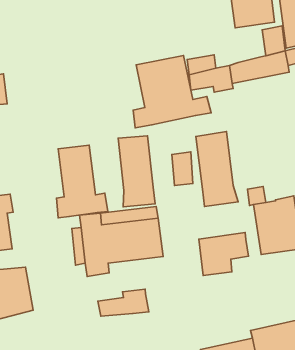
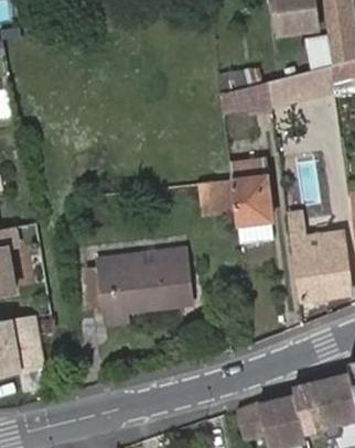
building: [133,55,211,128] -> none
building: [118,136,155,207] -> none
building: [57,145,108,218] -> none
building: [199,232,248,275] -> none
building: [98,289,149,316] -> none

